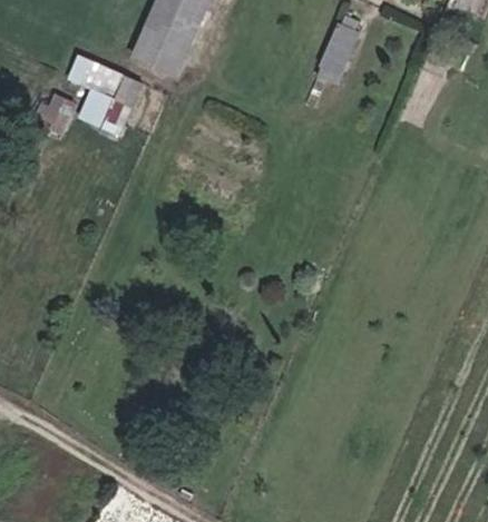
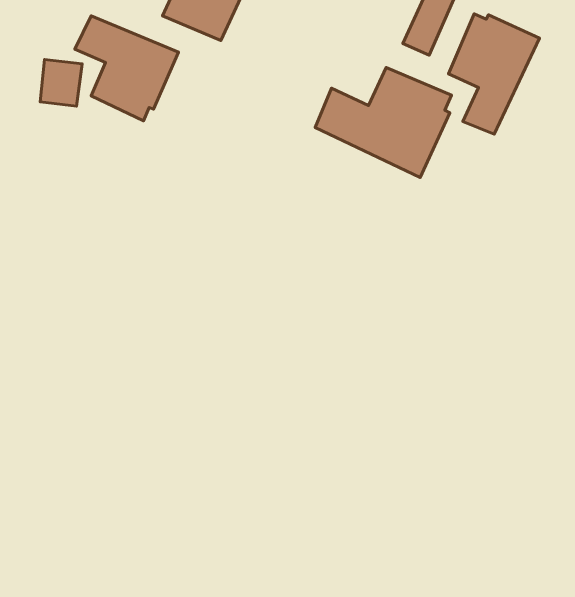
building: none -> [449,14,540,134]
building: none -> [315,67,452,177]

